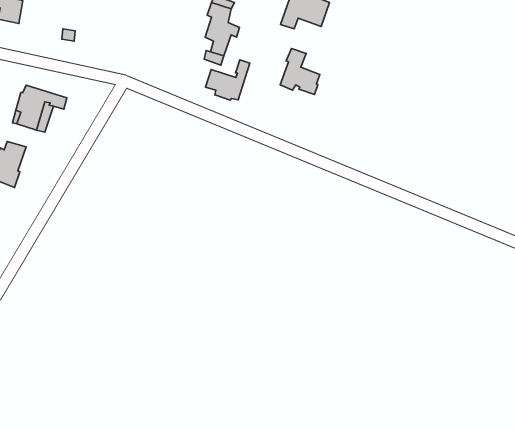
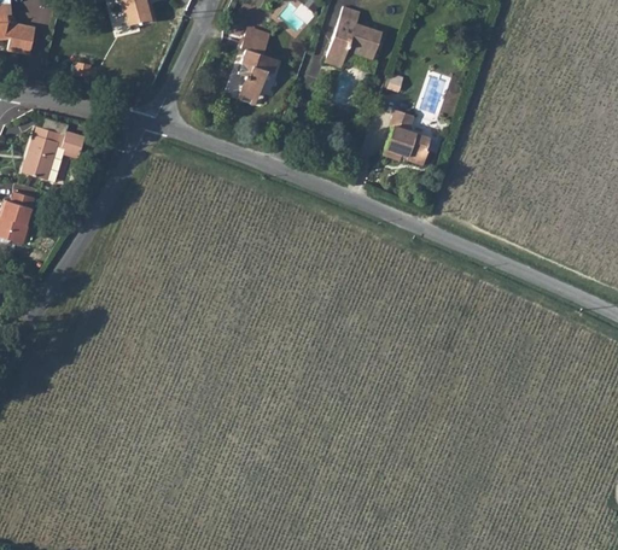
building: [280,48,320,94] -> [385,111,431,164]
building: [206,60,250,100] -> none

